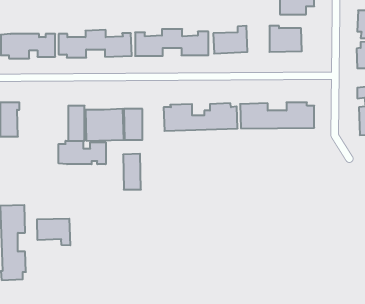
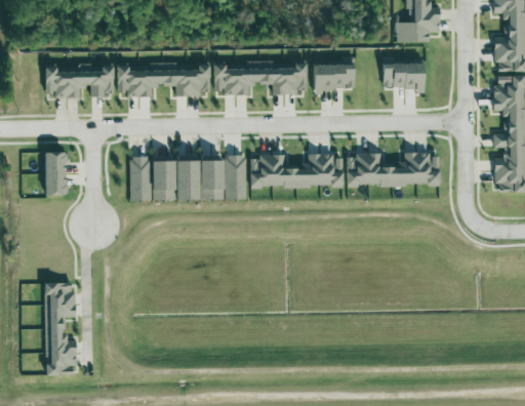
building: [59,141,106,164] -> none
building: [123,154,141,190] -> [225,154,247,199]
building: [37,219,70,245] -> none

